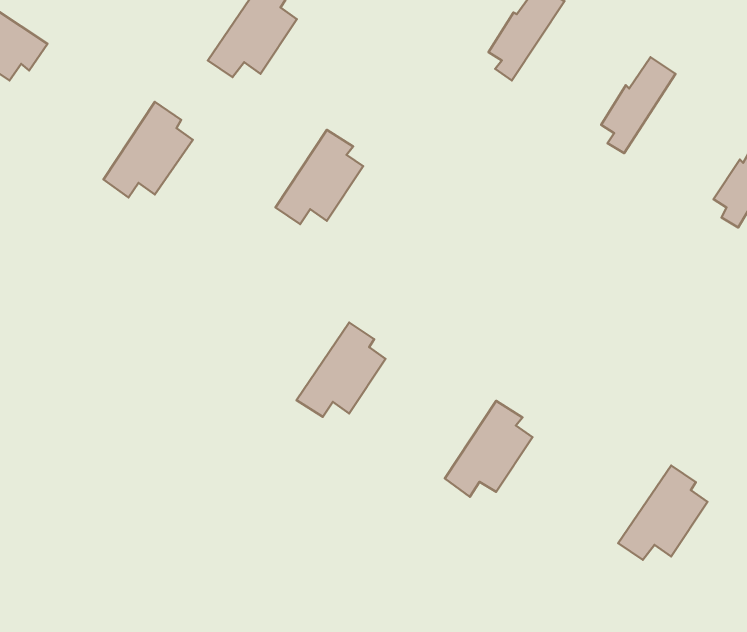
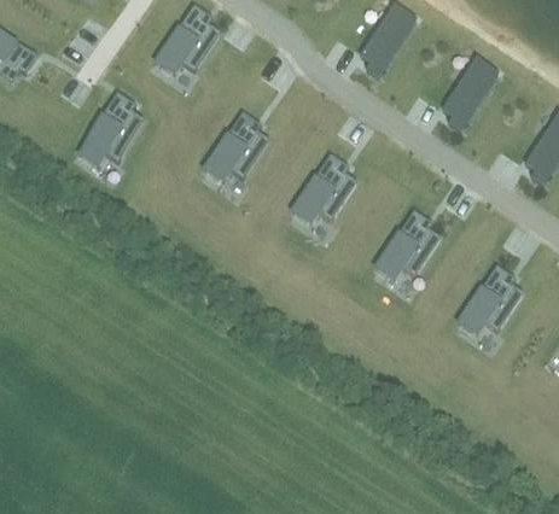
building: [296,322,386,417] -> [291,156,356,224]
building: [445,401,533,497] -> [375,211,439,281]
building: [618,465,707,560] -> [458,267,523,335]

